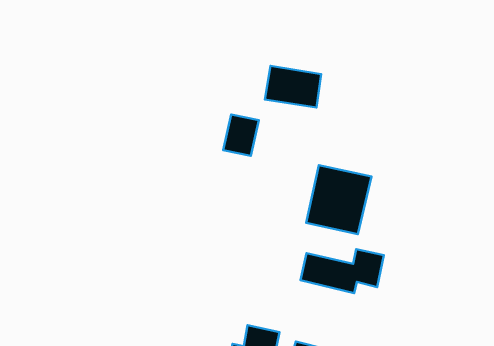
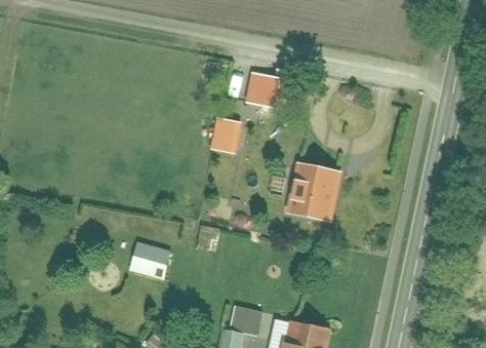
building: [300,249,384,293] -> none
building: none -> [127,242,172,278]

